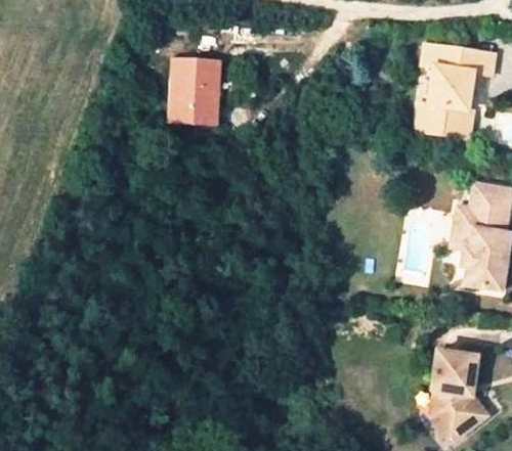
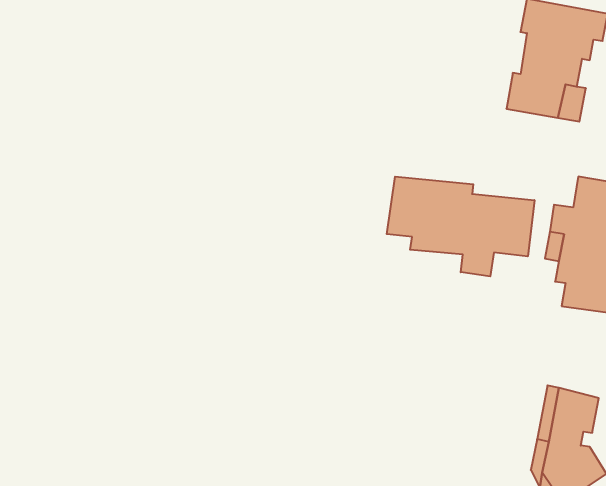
building: [166,59,216,124] -> none
building: none -> [387,177,534,276]

